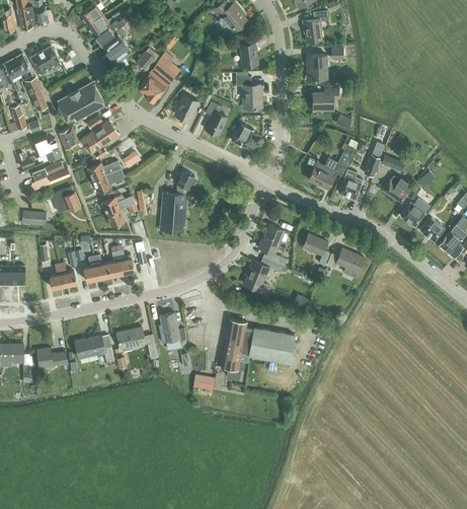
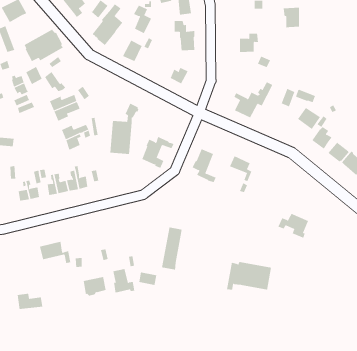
building: [306,55,326,79] -> [283,7,300,28]
building: [205,101,227,136] -> [133,5,152,34]
building: [90,120,119,147] -> none
building: [338,168,361,199] -> none
building: [51,187,80,212] -> none
building: [326,248,364,279] -> [277,213,309,239]
building: [243,257,283,295] -> [141,136,174,169]
building: [159,313,186,343] -> [112,269,135,293]
building: [116,328,145,351] -> [83,277,107,296]
building: [239,328,294,362] -> [226,261,272,290]
building: [36,348,68,367] -> [17,293,43,309]

